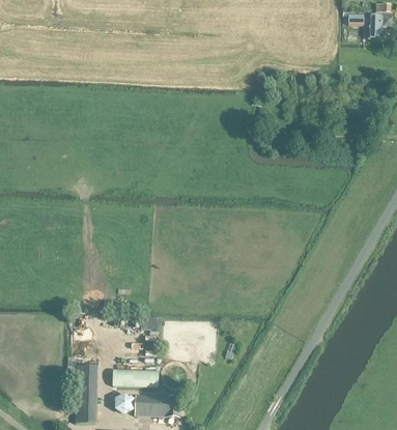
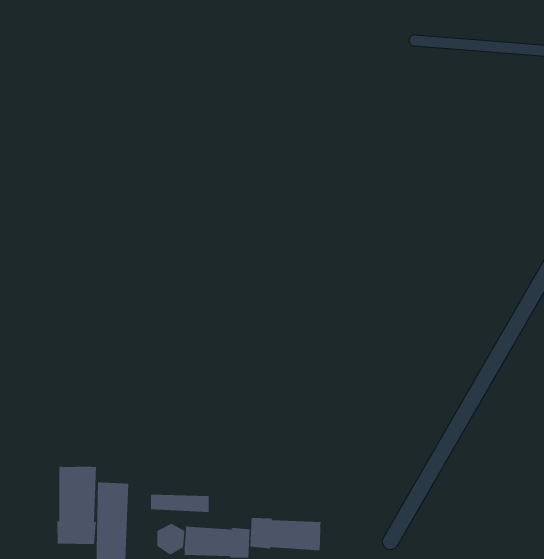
building: none -> [57,466,97,545]
building: none -> [250,517,321,551]

